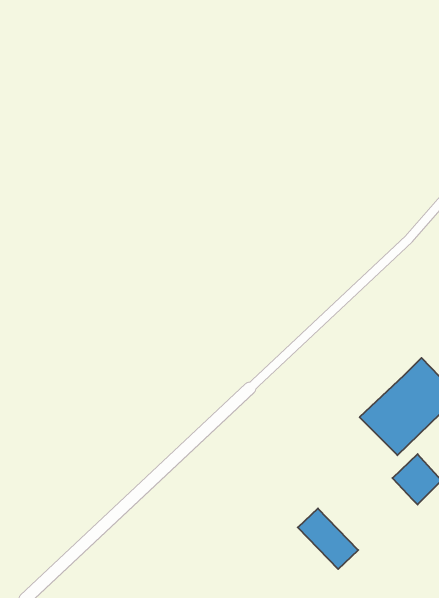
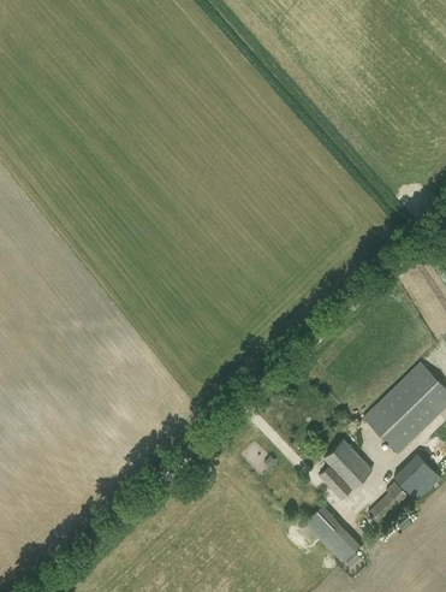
building: none -> [319,439,371,498]
building: none -> [367,481,408,523]

